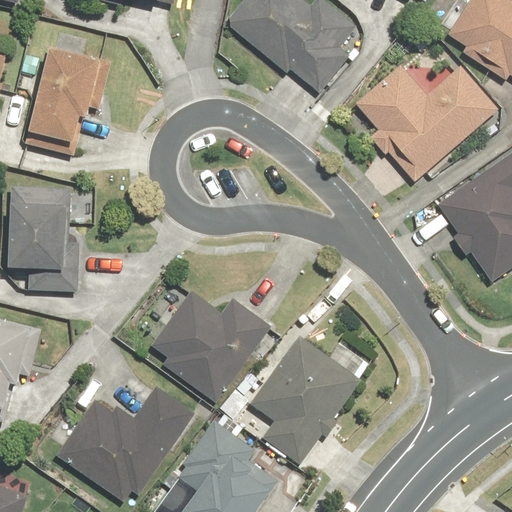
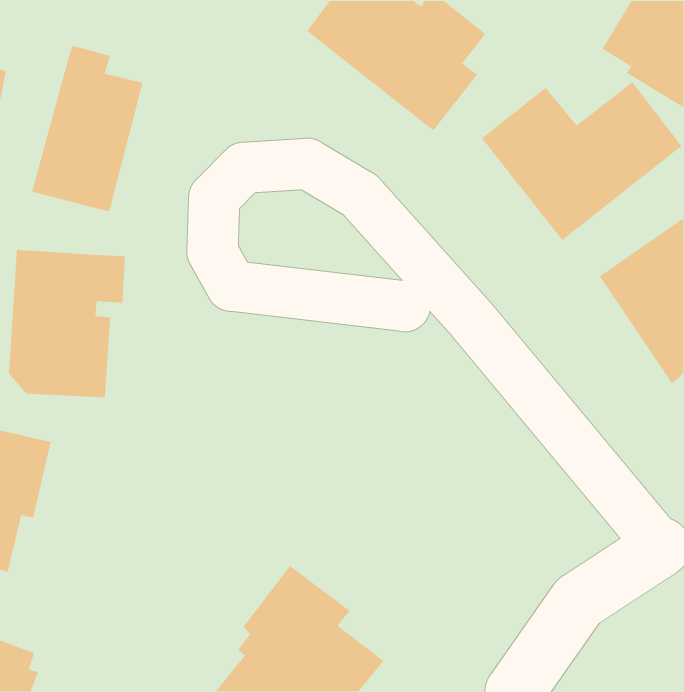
building: [151,292,269,402] -> none
building: [248,335,370,465] -> none
building: [58,385,197,503] -> none

